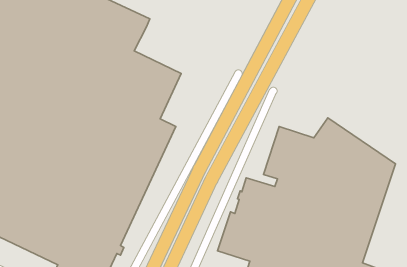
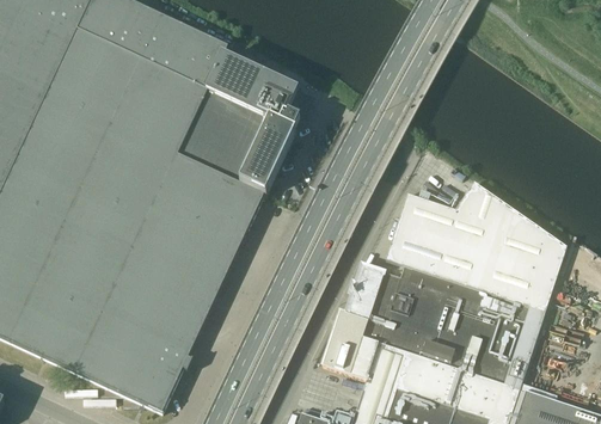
building: none -> [207,56,303,195]

